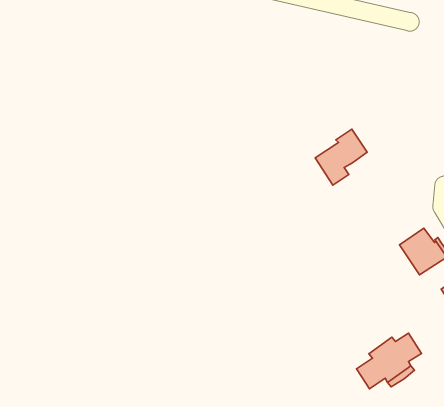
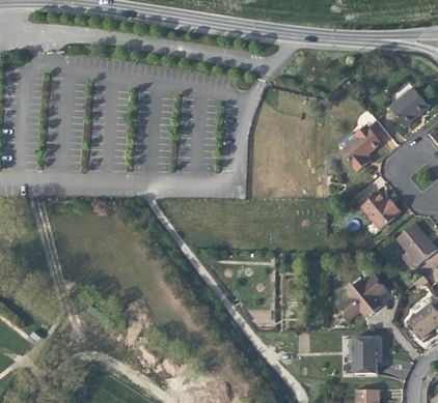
building: [315,129,367,185] -> [340,125,380,170]

